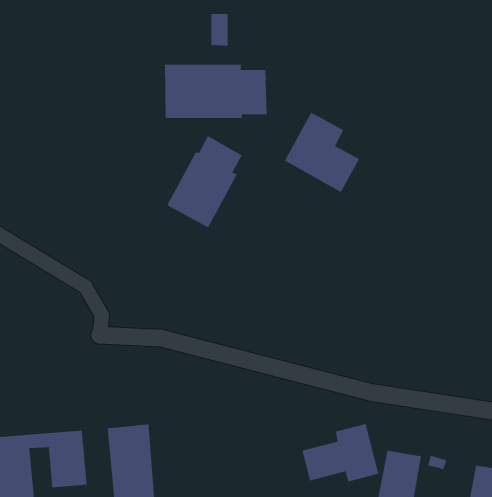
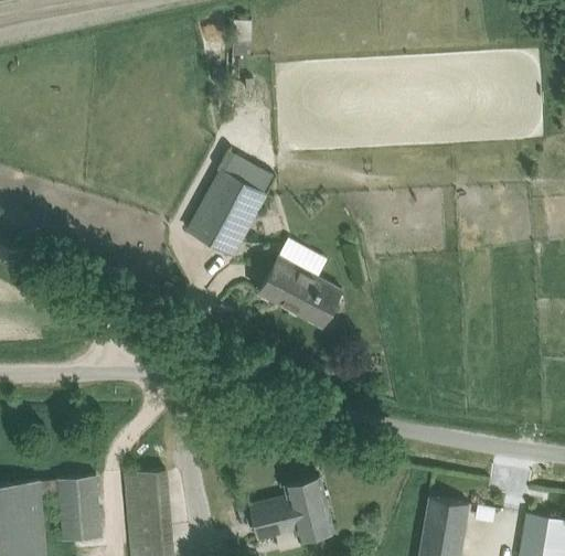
building: [164,64,267,119] -> none
building: [284,112,360,193] -> [258,240,342,330]
building: [302,423,379,482] -> [248,478,333,543]

